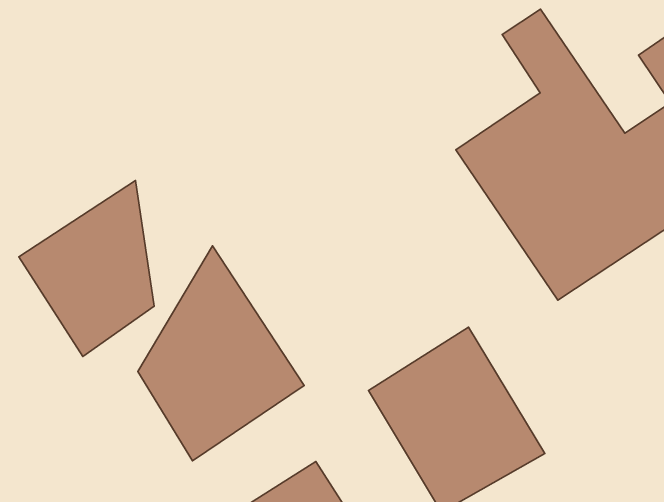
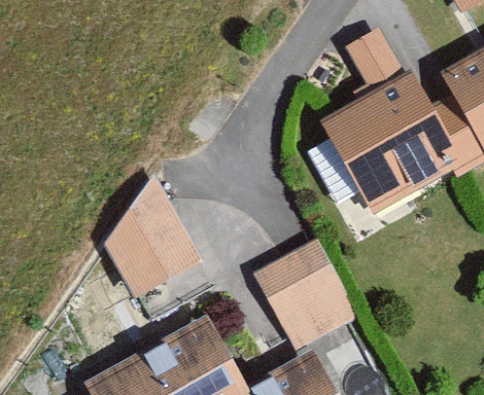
building: [19,180,154,357] -> none

